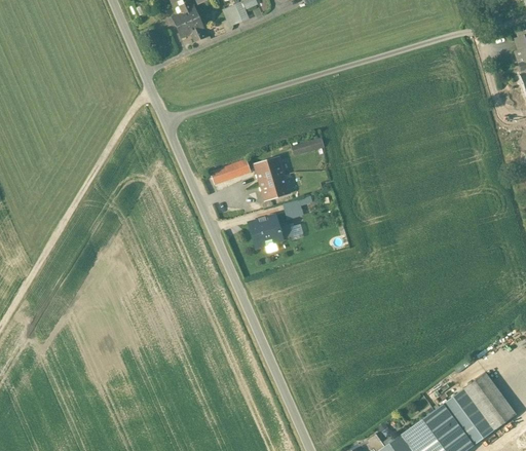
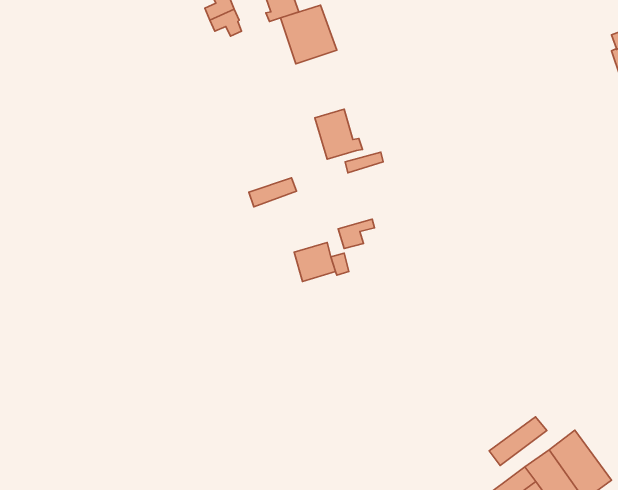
building: none -> [281,5,337,64]
building: [255,157,295,199] -> [315,109,363,159]
building: none -> [489,417,547,466]

